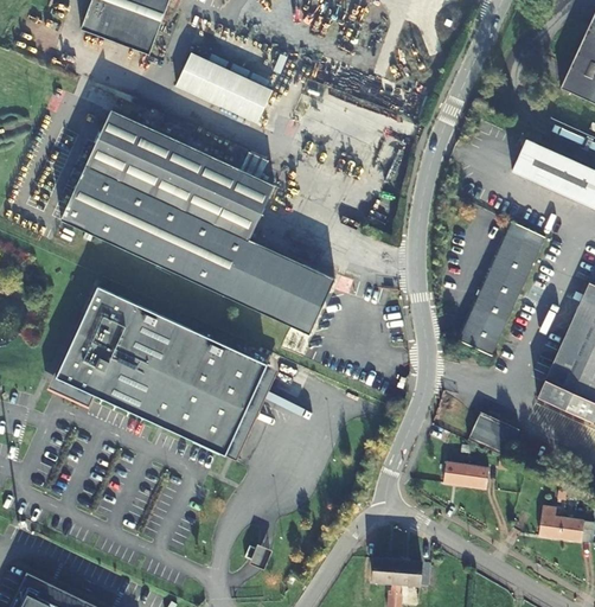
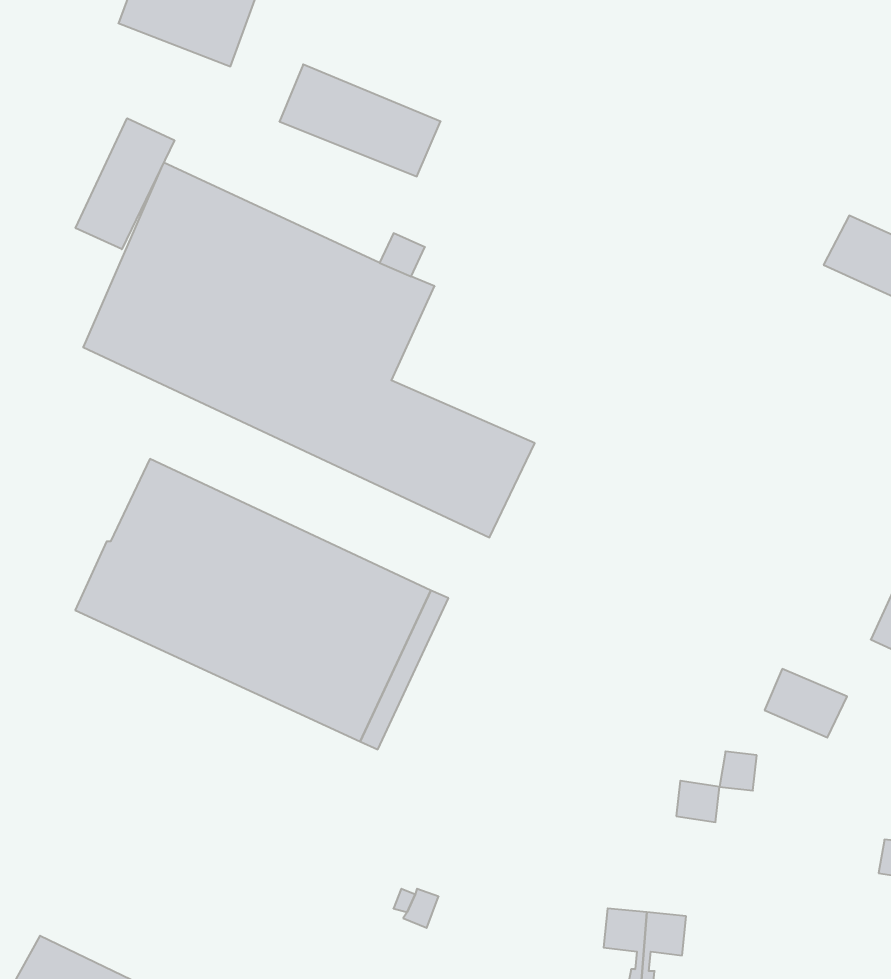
building: none -> [76,118,174,249]
building: [458,222,543,354] -> none
building: [466,466,492,491] -> [676,781,719,822]

